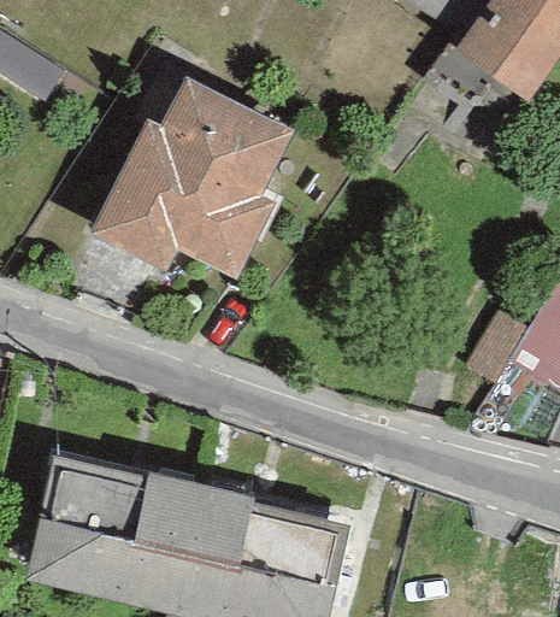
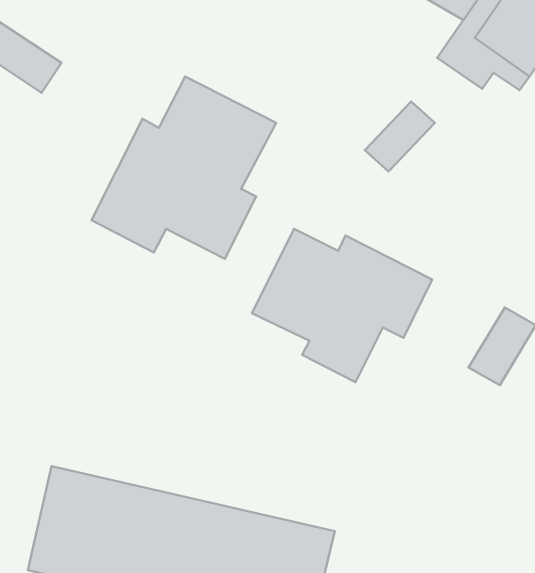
building: none -> [252,229,432,382]

